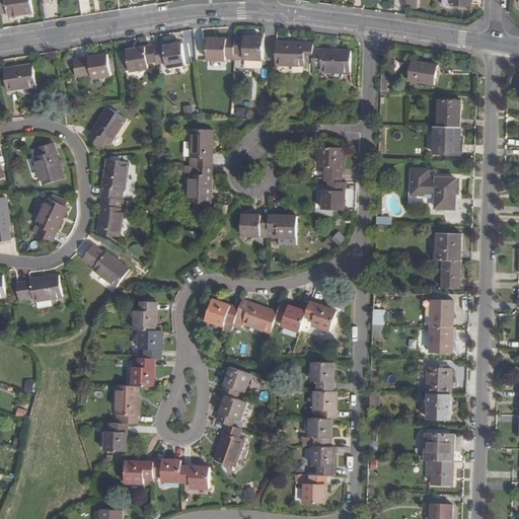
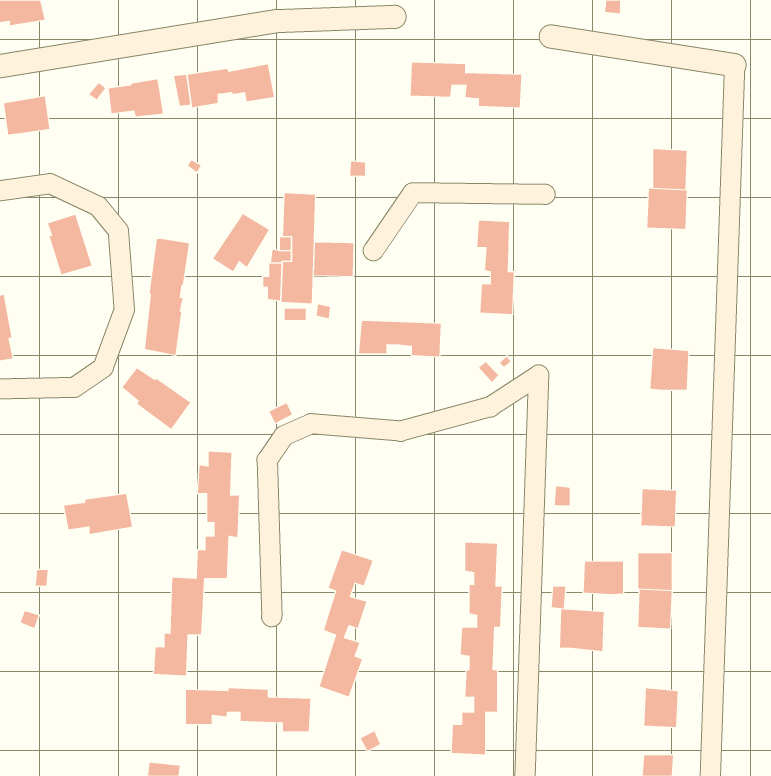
building: [205,36,262,60] -> none
building: [406,59,436,85] -> none
building: [85,107,124,147] -> [212,213,270,272]
building: none -> [313,242,354,277]
building: [410,168,454,208] -> none
building: [33,199,66,241] -> none
building: [441,261,459,289] -> none
building: [14,275,61,302] -> [63,493,133,534]
building: [204,300,336,333] -> none
building: [429,300,453,327] -> none
building: none -> [583,561,624,595]
building: [423,433,453,461] -> [559,609,605,651]

